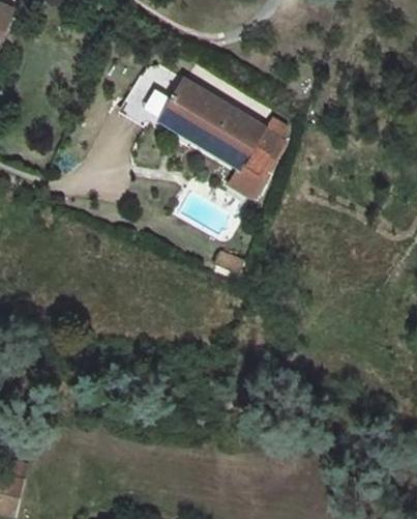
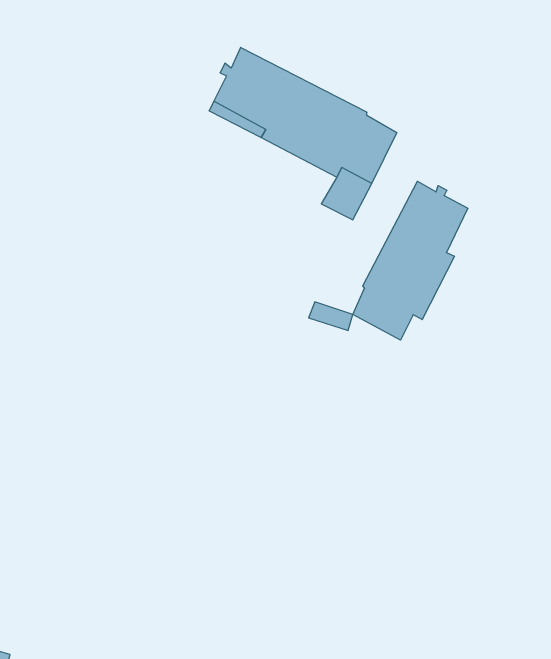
building: none -> [353,181,468,340]

